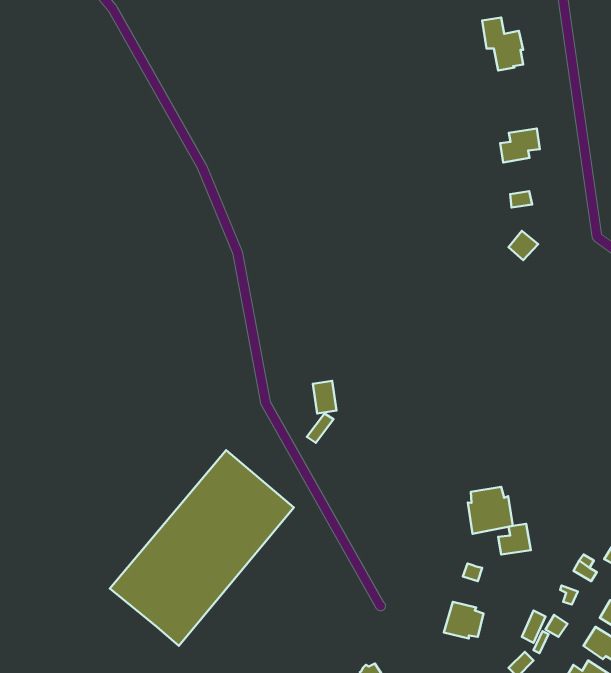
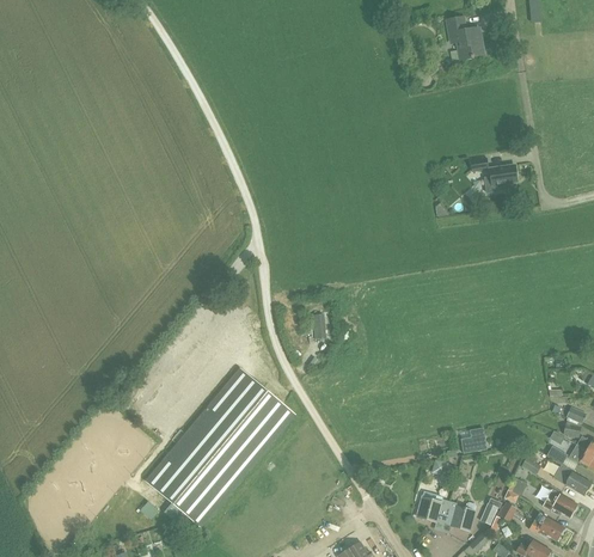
building: [500,129,540,162] -> [484,164,516,191]
building: [468,487,513,534] -> none
building: none -> [443,500,476,530]

